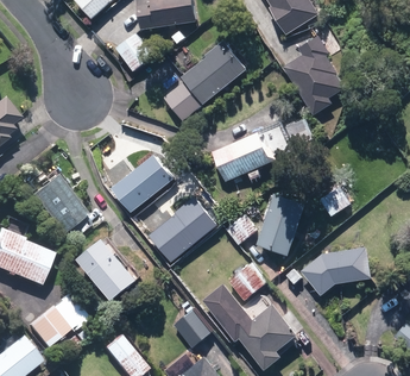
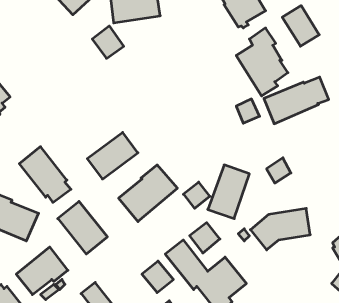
building: none -> [282,6,319,46]
building: [165,40,250,120] -> none
building: [212,127,288,182] -> [264,77,329,124]

